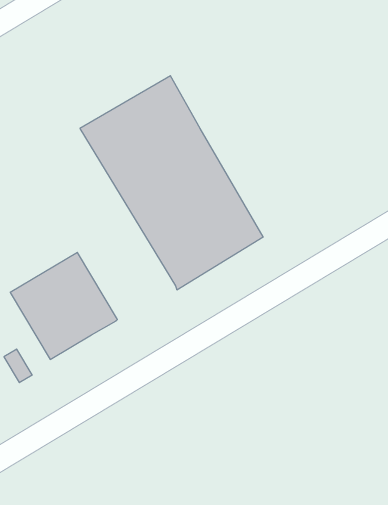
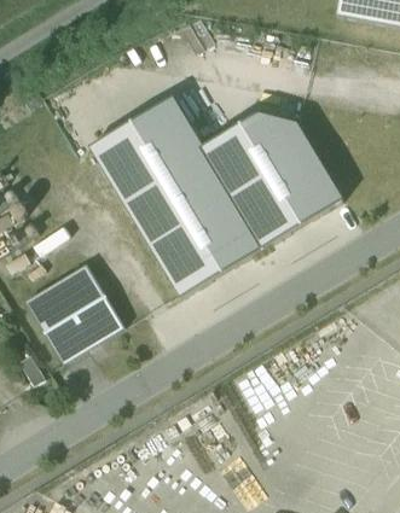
building: none -> [202,113,342,247]

